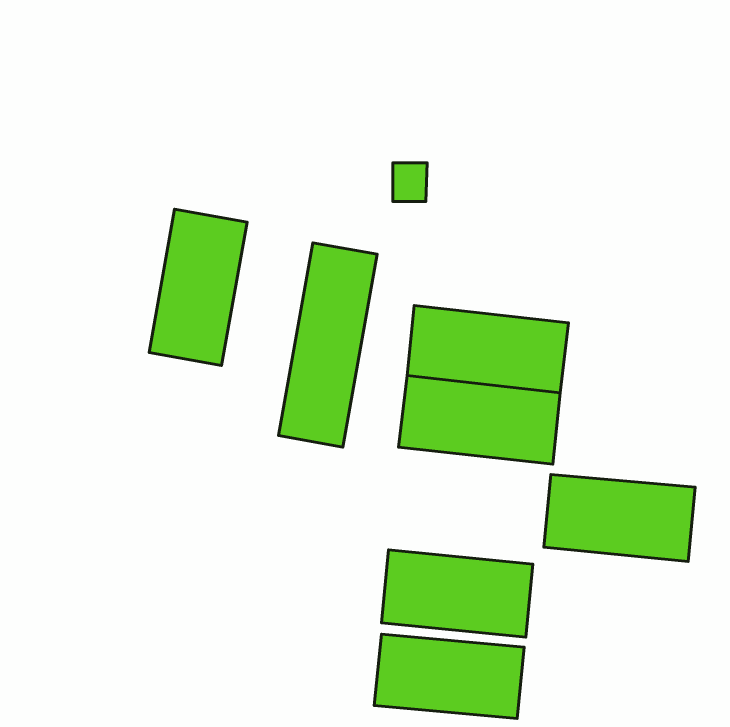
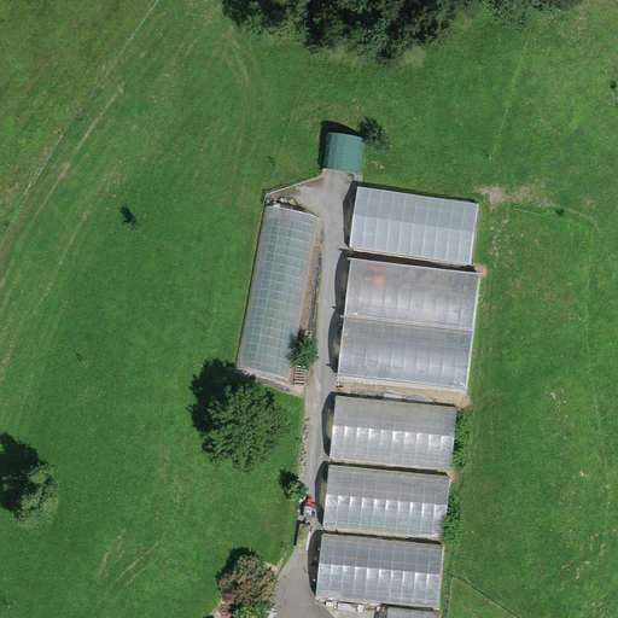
building: [149,209,247,366] -> none
building: none -> [350,186,479,264]
building: [544,474,695,562] -> [330,396,457,470]

